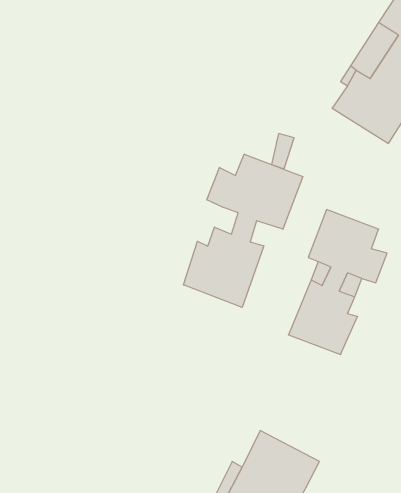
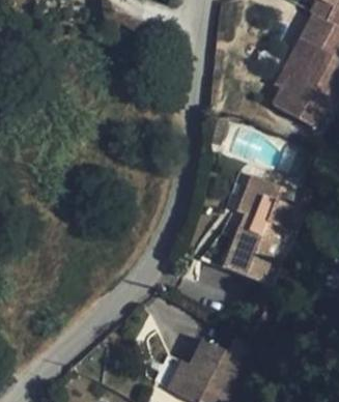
building: [183,154,303,307] -> none

